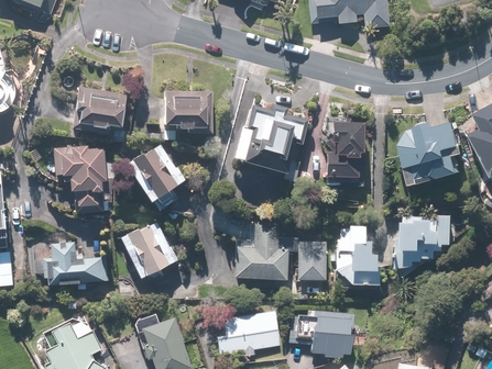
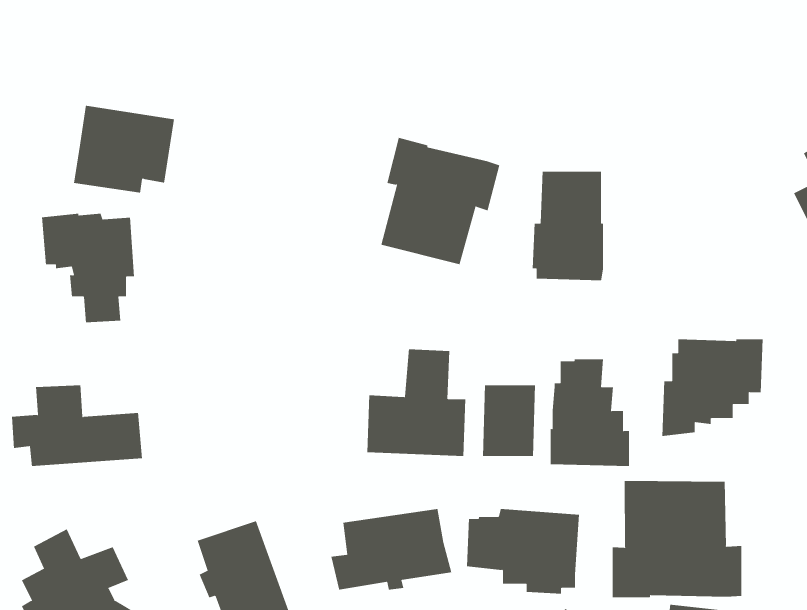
building: [163,90,214,134] -> none
building: [398,122,459,188] -> none
building: [125,145,186,203] -> none
building: [119,222,178,279] -> none
building: none -> [612,480,742,598]

